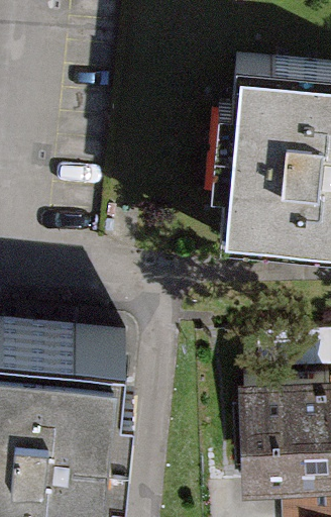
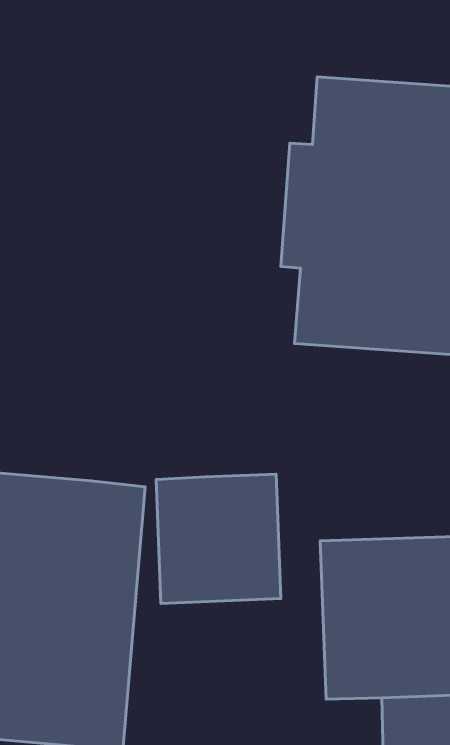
building: none -> [156,474,281,604]

